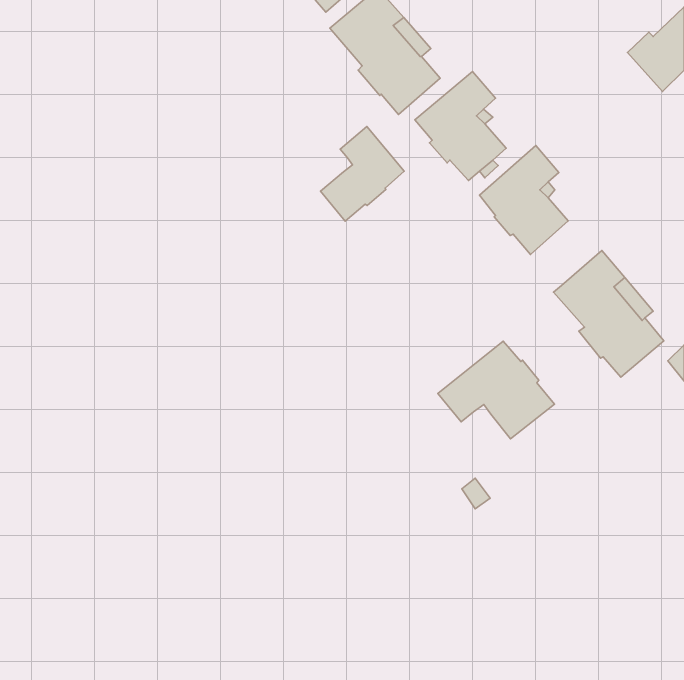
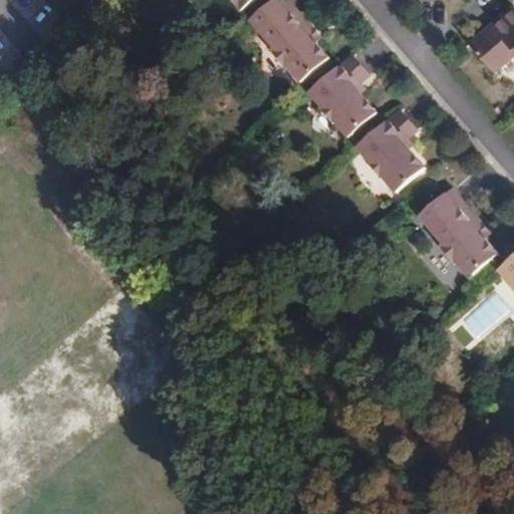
building: [320,126,404,221] -> none
building: [438,341,555,439] -> none

